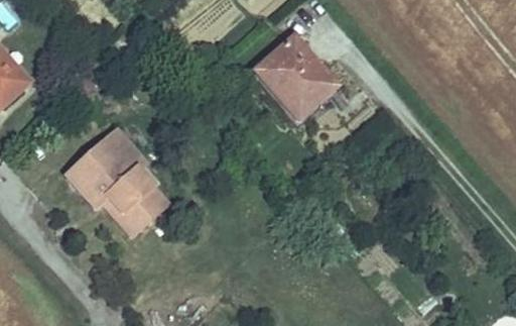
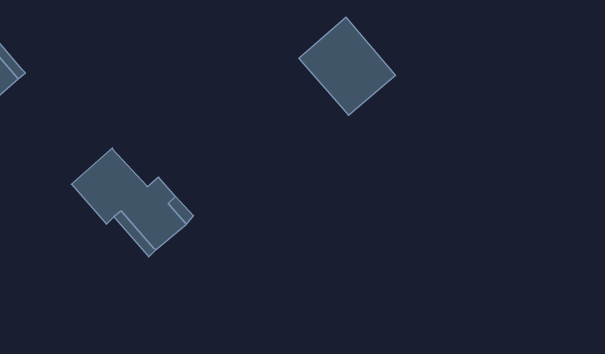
building: [101,129,146,177] -> none

